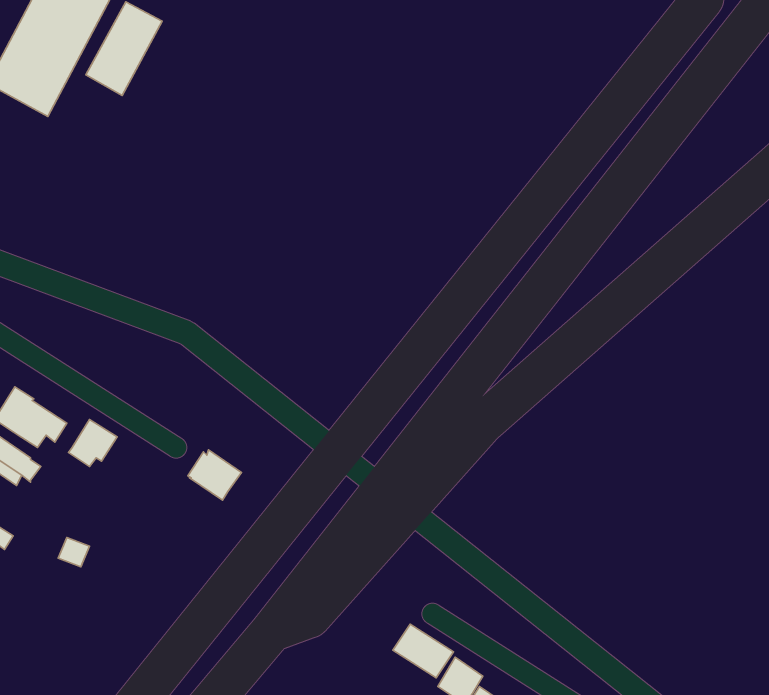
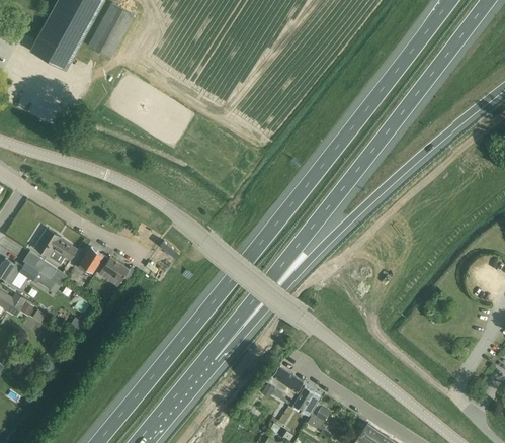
building: [188,450,242,500] -> [97,256,129,285]

